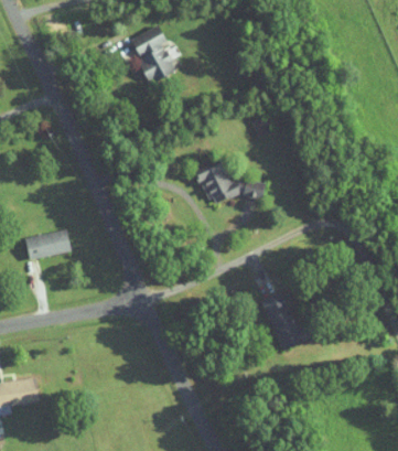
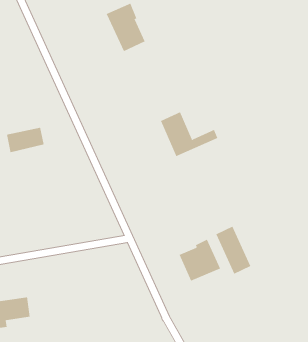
building: [24,229,71,260] -> [6,127,45,153]
building: none -> [179,239,221,282]

